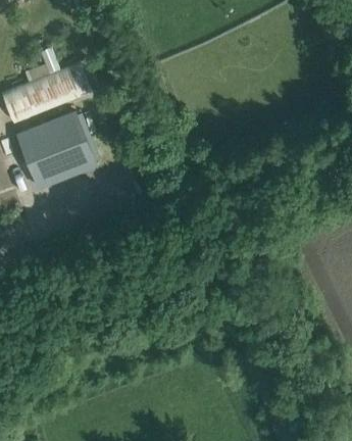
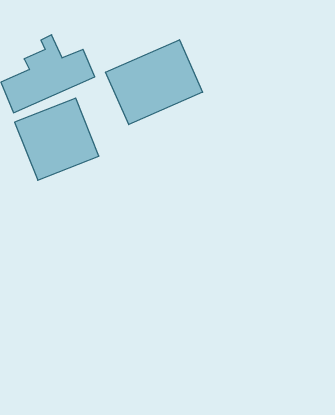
building: none -> [106,40,203,125]

